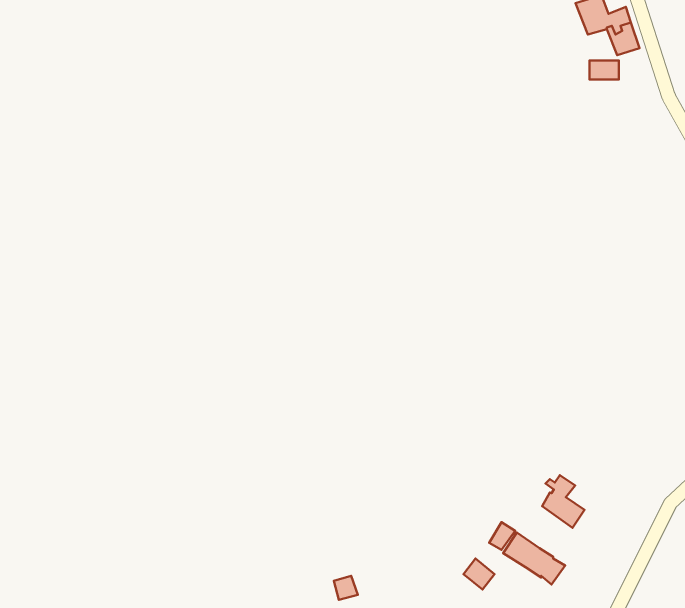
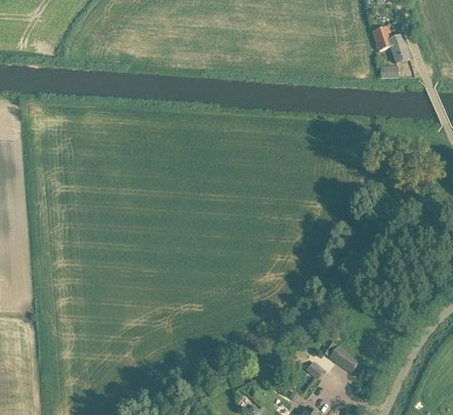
building: [542,475,584,528] -> none

